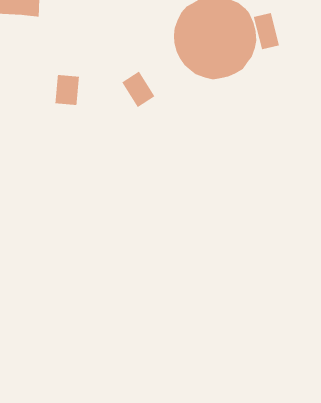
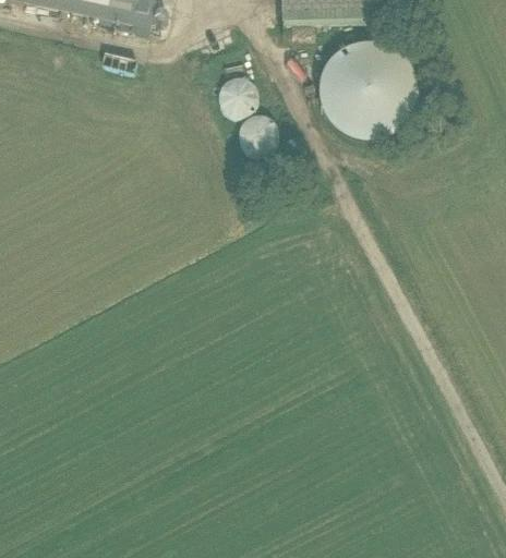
building: [253,12,280,50] -> none
building: [54,74,80,106] -> [222,74,258,117]

